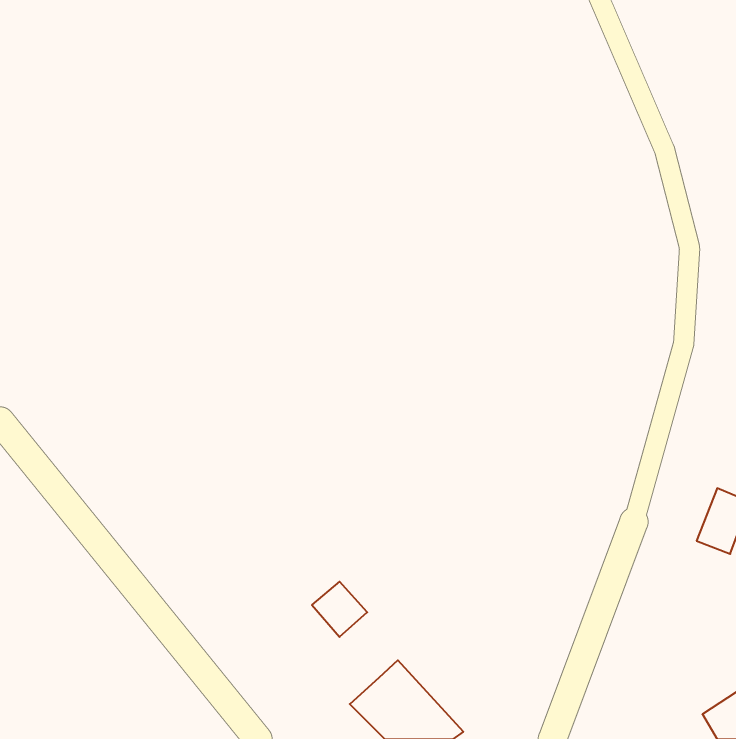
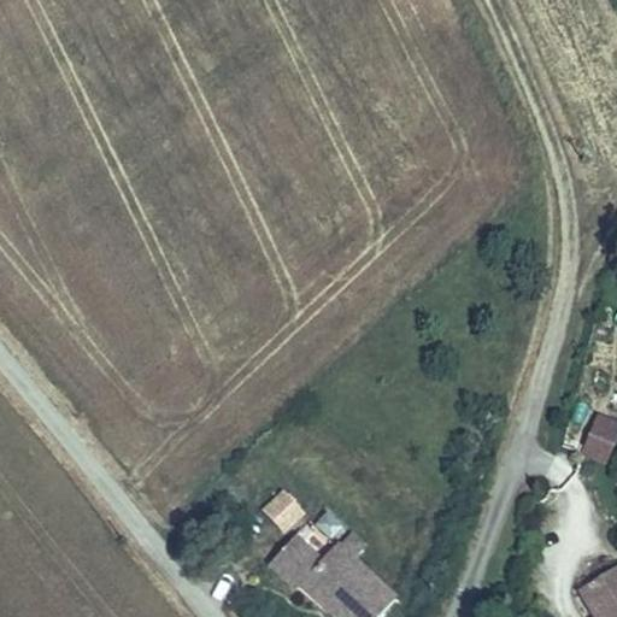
building: none -> [268,536,321,587]

